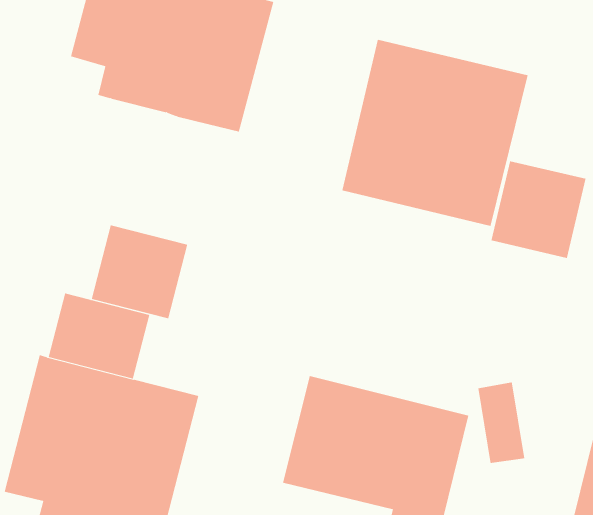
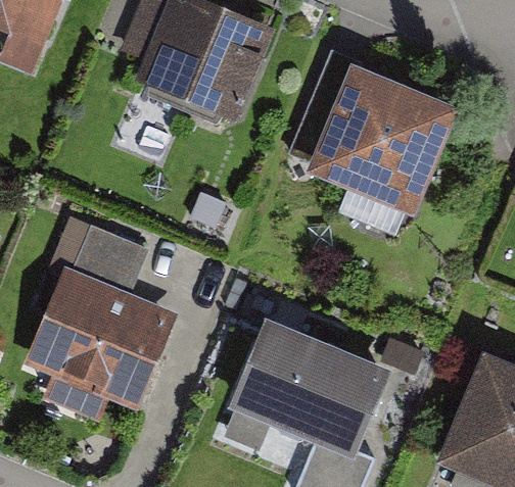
building: [491,160,586,259] -> none
building: [91,224,188,319] -> none

